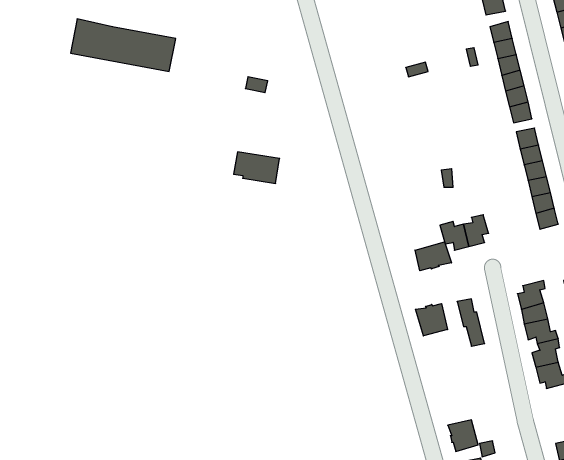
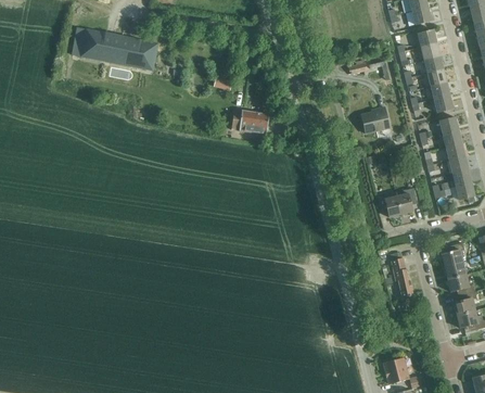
building: none -> [361,107,391,134]
building: [234,152,280,183] -> [232,110,270,136]
building: [415,242,451,271] -> none
building: [415,304,448,336] -> none

